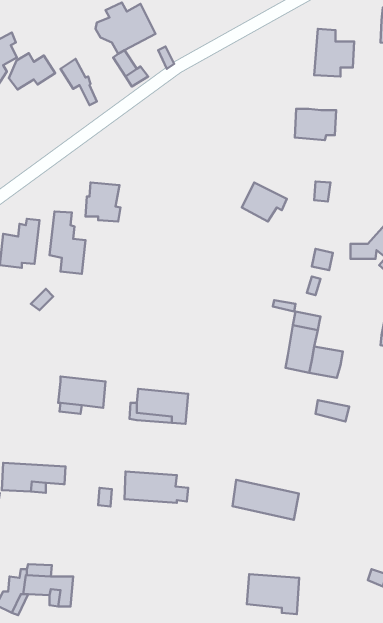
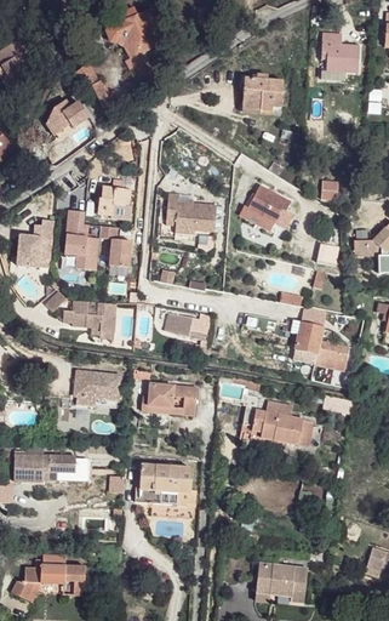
building: [9,53,55,89] -> [44,98,88,133]
building: [295,109,336,140] -> [242,80,282,110]
building: none -> [164,194,214,233]
building: none -> [99,227,130,268]
building: none -> [64,297,118,329]
building: none -> [165,313,207,340]
building: [232,480,299,520] -> [247,409,311,448]

